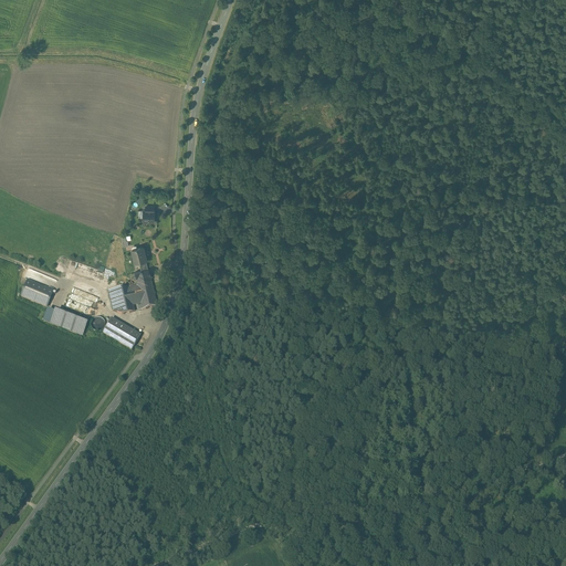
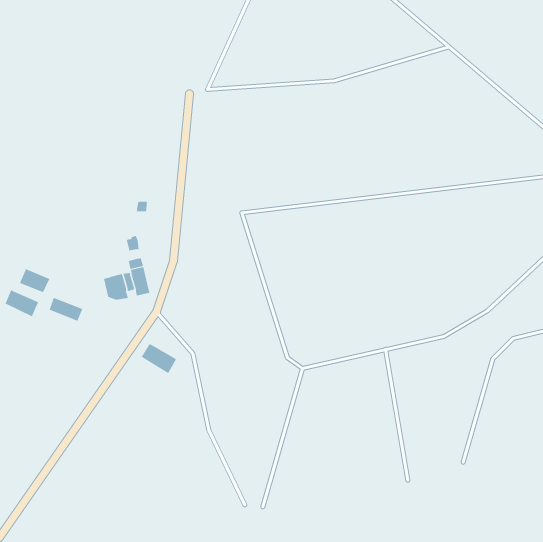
building: none -> [5,289,39,317]
building: [102,316,139,348] -> [141,343,177,374]

